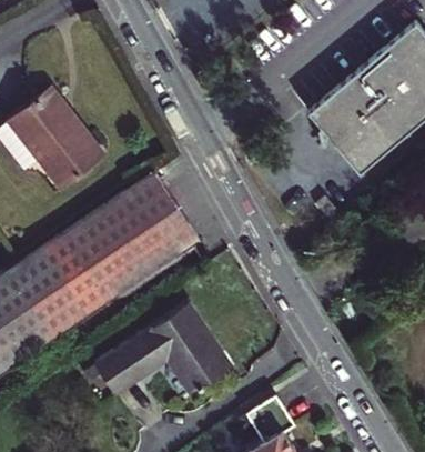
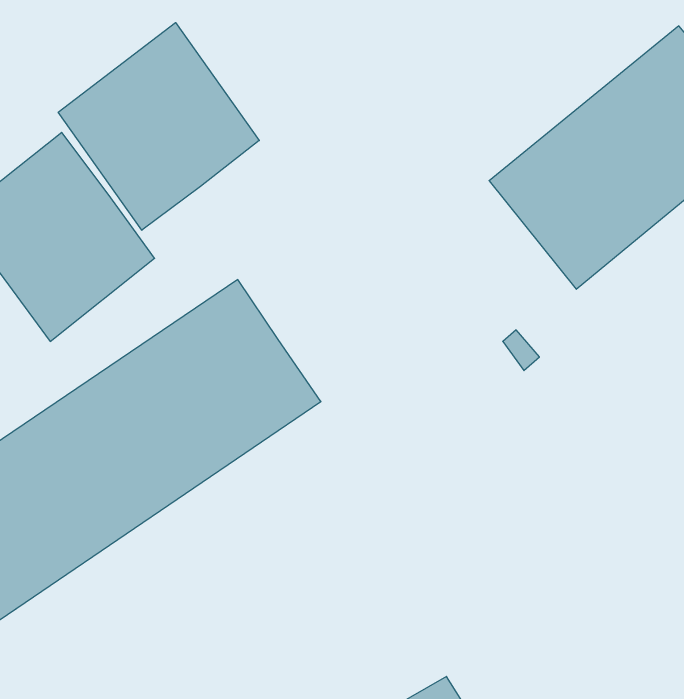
building: none -> [58,23,259,230]
building: [87,298,236,390] -> none

